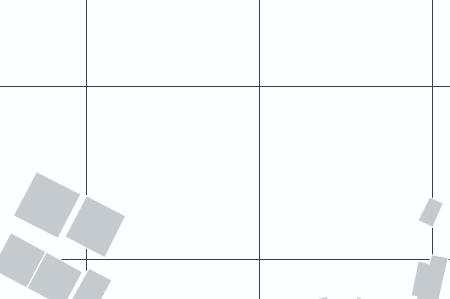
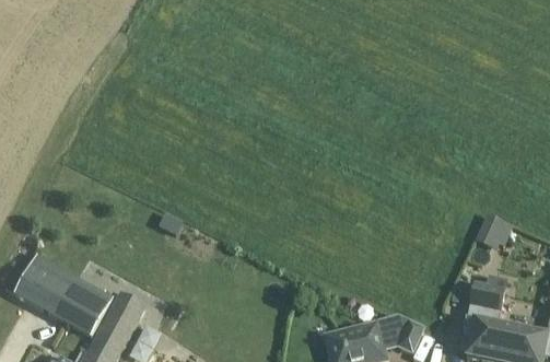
building: [13,171,81,239] -> none
building: [65,196,126,258] -> none

